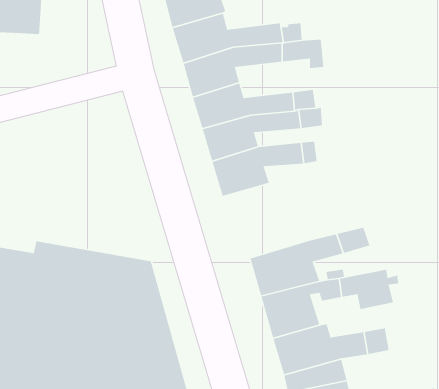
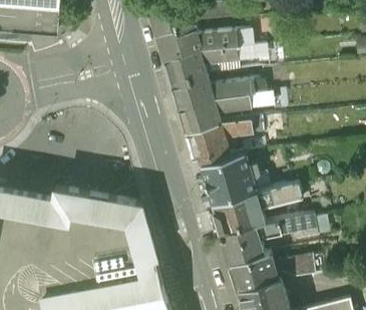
building: none -> [201,151,260,205]

